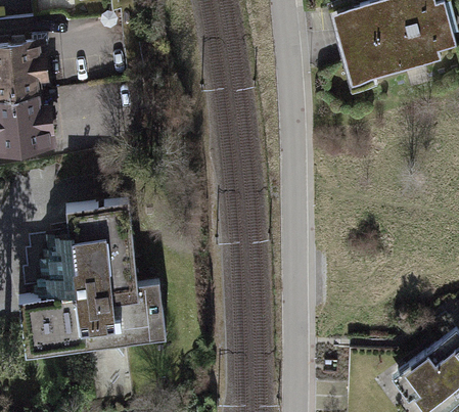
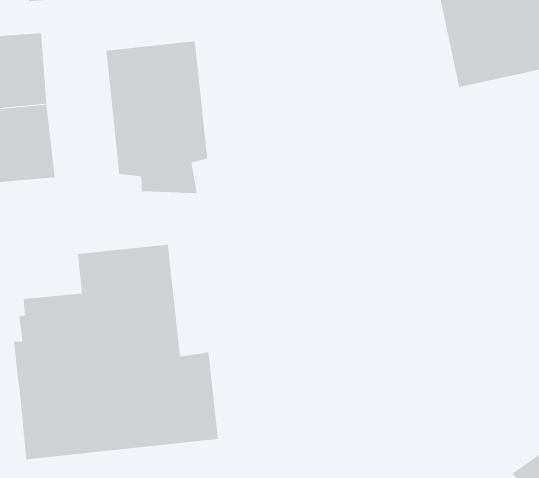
building: none -> [106,40,208,194]

